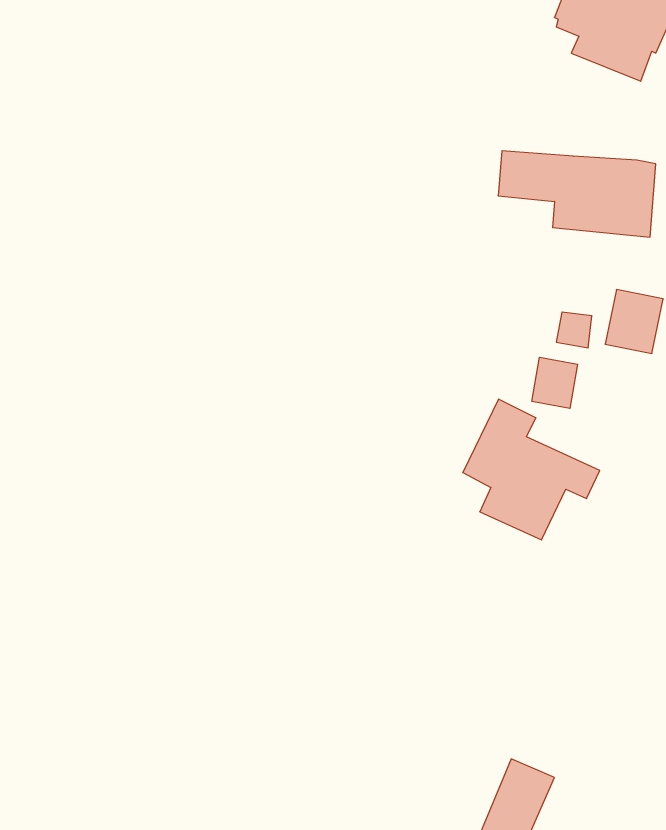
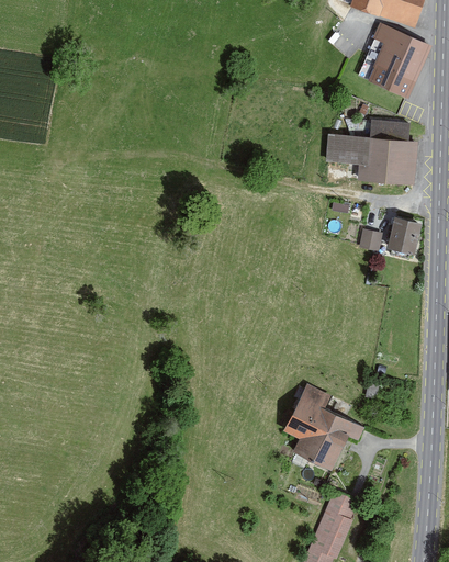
building: none -> [370,120,408,140]
building: [532,357,578,408] -> none
building: [463,399,600,540] -> [287,386,367,469]

